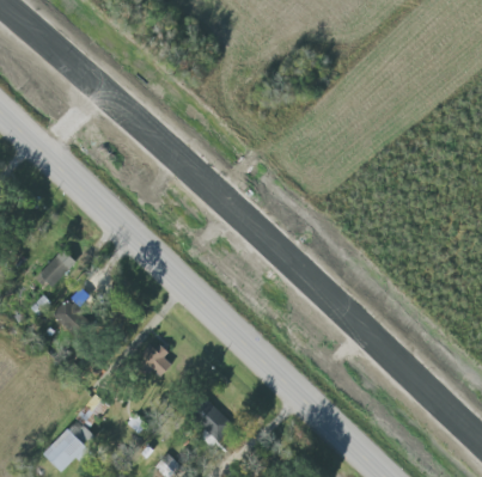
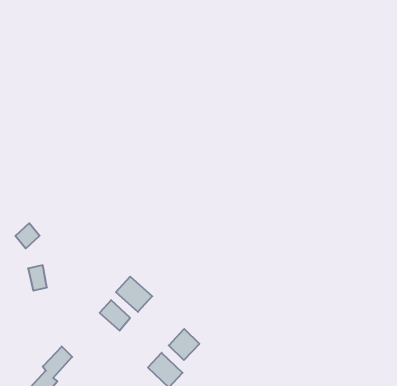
building: none -> [116,277,152,312]
building: none -> [169,329,199,360]

